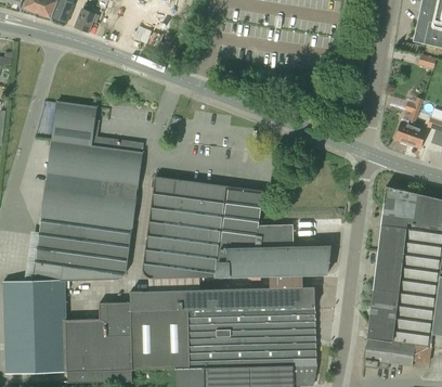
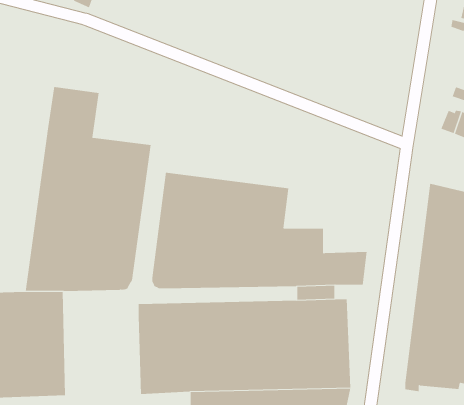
building: [67,302,133,372] -> none

